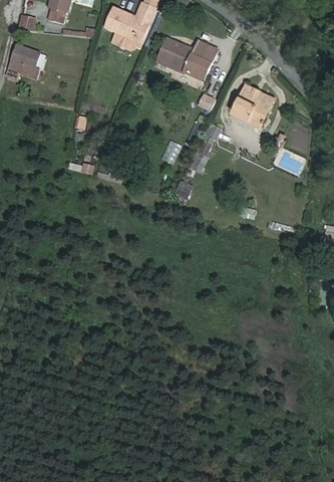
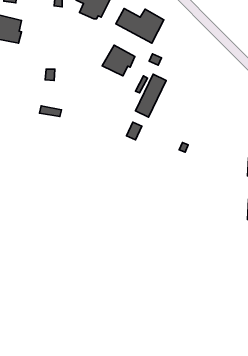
building: [227,82,268,124] -> none
building: none -> [102,45,135,76]

